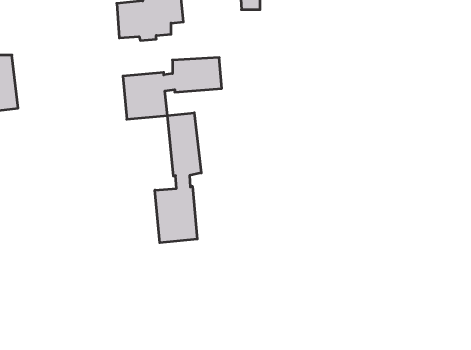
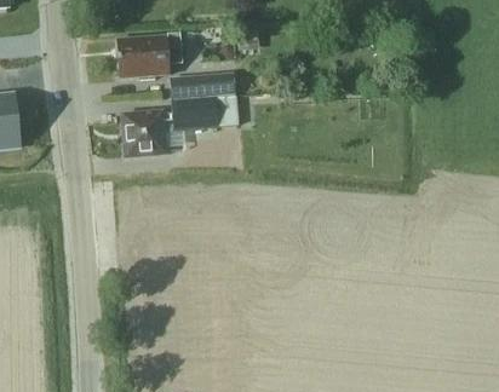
building: none -> [170,70,235,98]
building: [155,113,201,243] -> none

